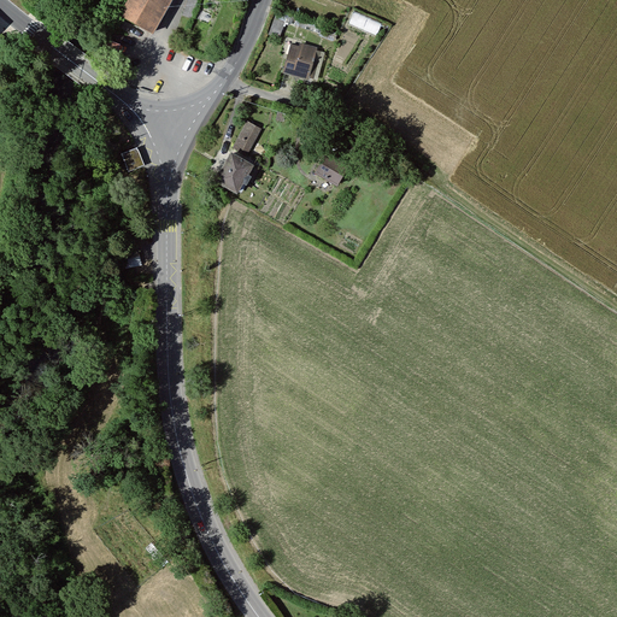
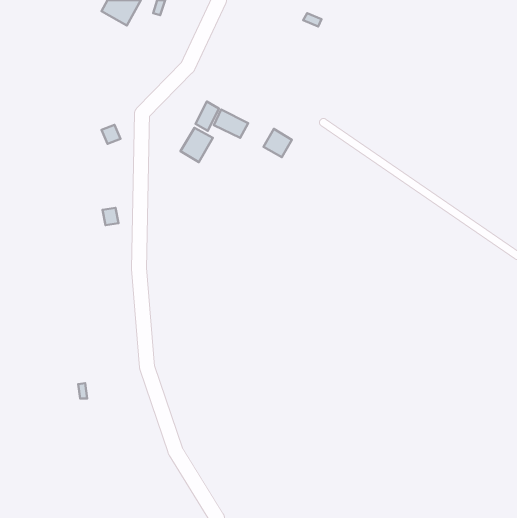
building: [284,45,318,78] -> none
building: none -> [214,110,248,138]

